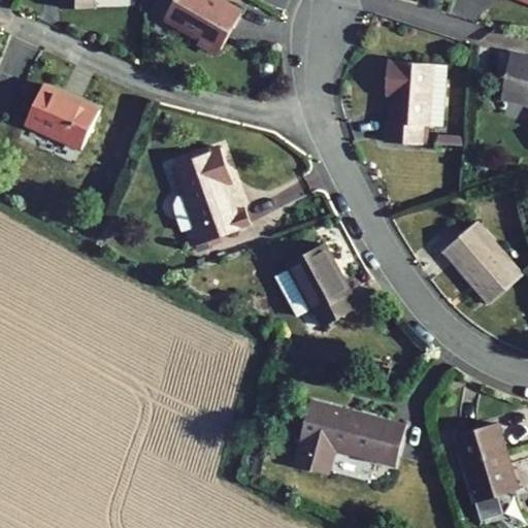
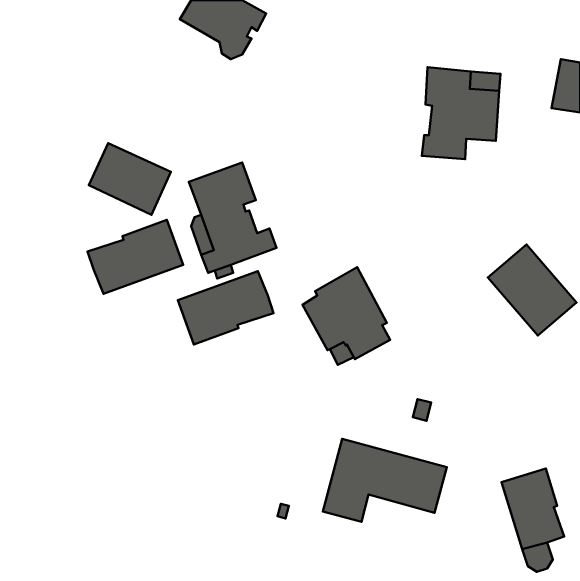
building: [25,85,99,150] -> [89,143,171,215]
building: none -> [88,220,183,294]
building: none -> [178,271,273,345]

